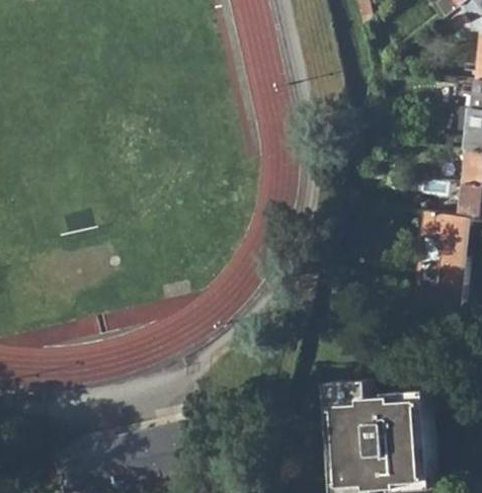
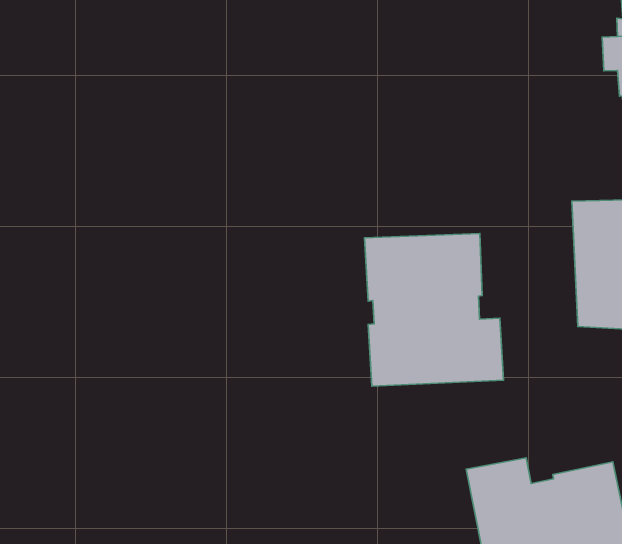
building: none -> [364,234,504,386]

